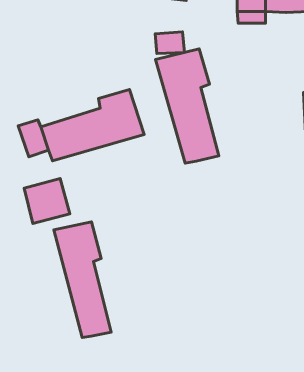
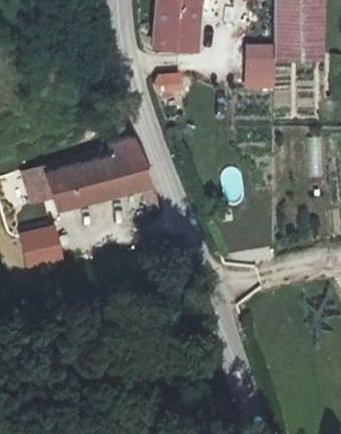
building: [156,49,219,163] -> none
building: [54,222,111,337] -> none

